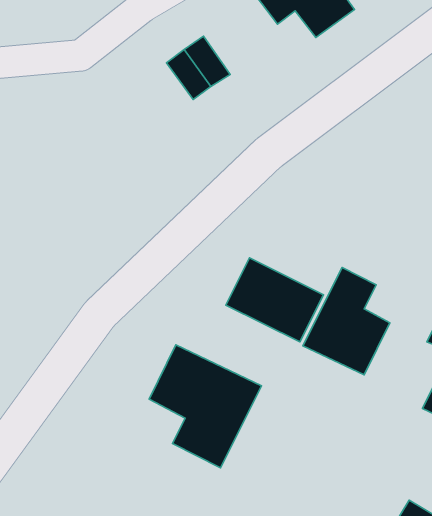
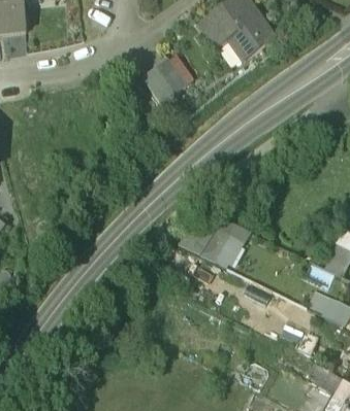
building: [303,268,390,375] -> none
building: [149,345,262,468] -> none

